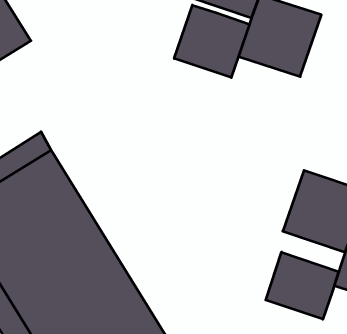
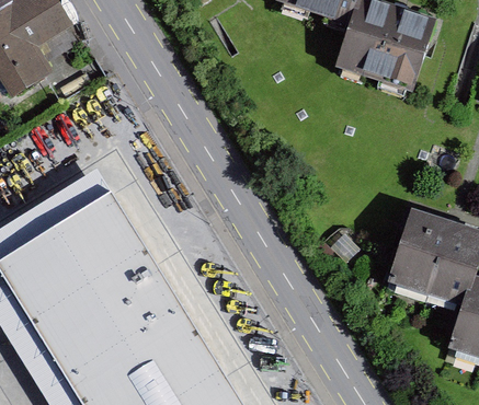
building: [174,5,249,78] -> none
building: [266,252,339,319] -> none

